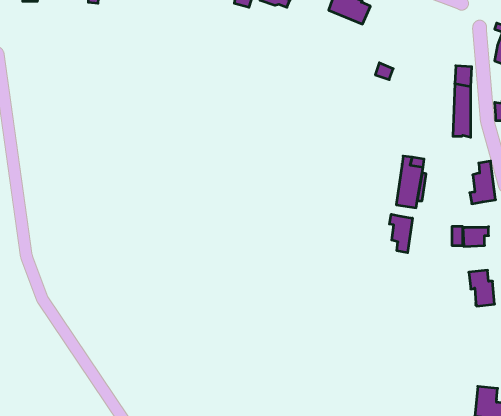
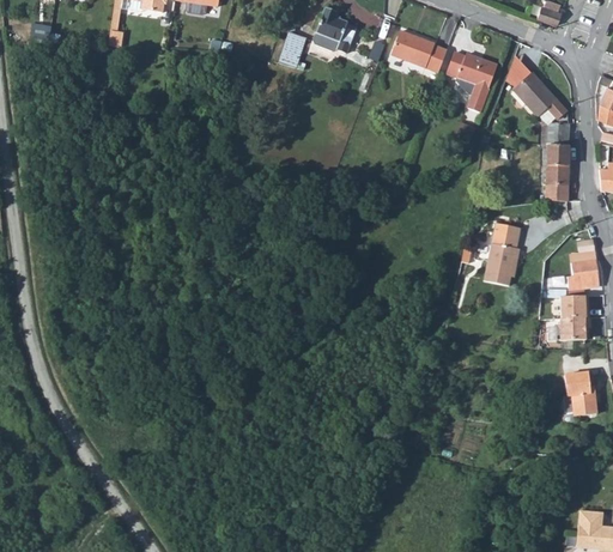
building: none -> [450,54,506,116]
building: none -> [515,72,570,117]
building: none -> [559,296,589,319]
building: [389,214,412,253] -> none

